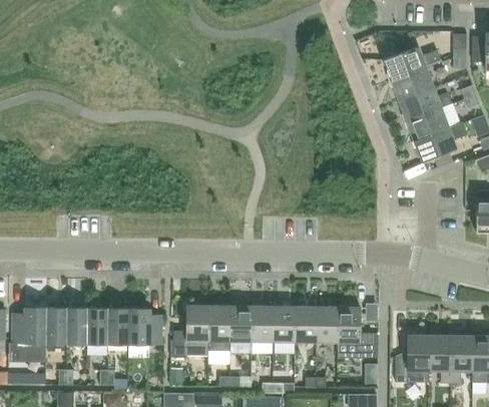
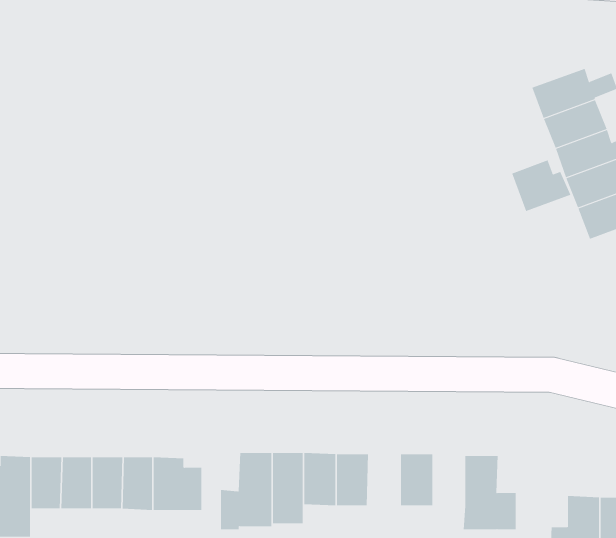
building: none -> [512,160,571,212]
building: [273,307,295,342] -> none
building: [317,307,338,342] -> none

